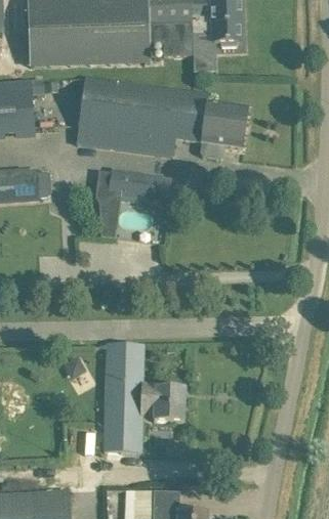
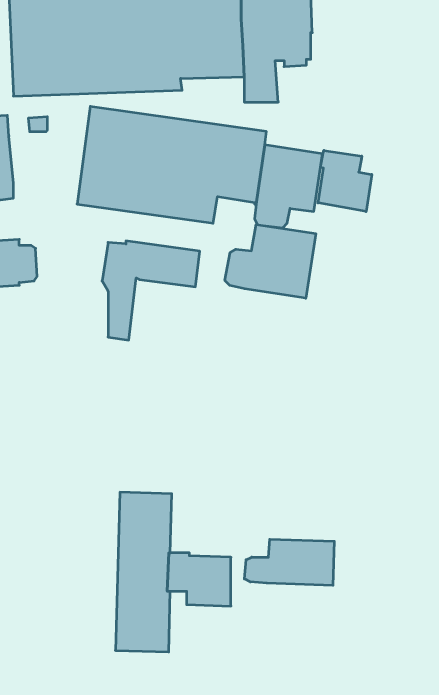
building: none -> [318,150,372,212]
building: none -> [225,225,316,298]
building: none -> [244,539,334,585]

